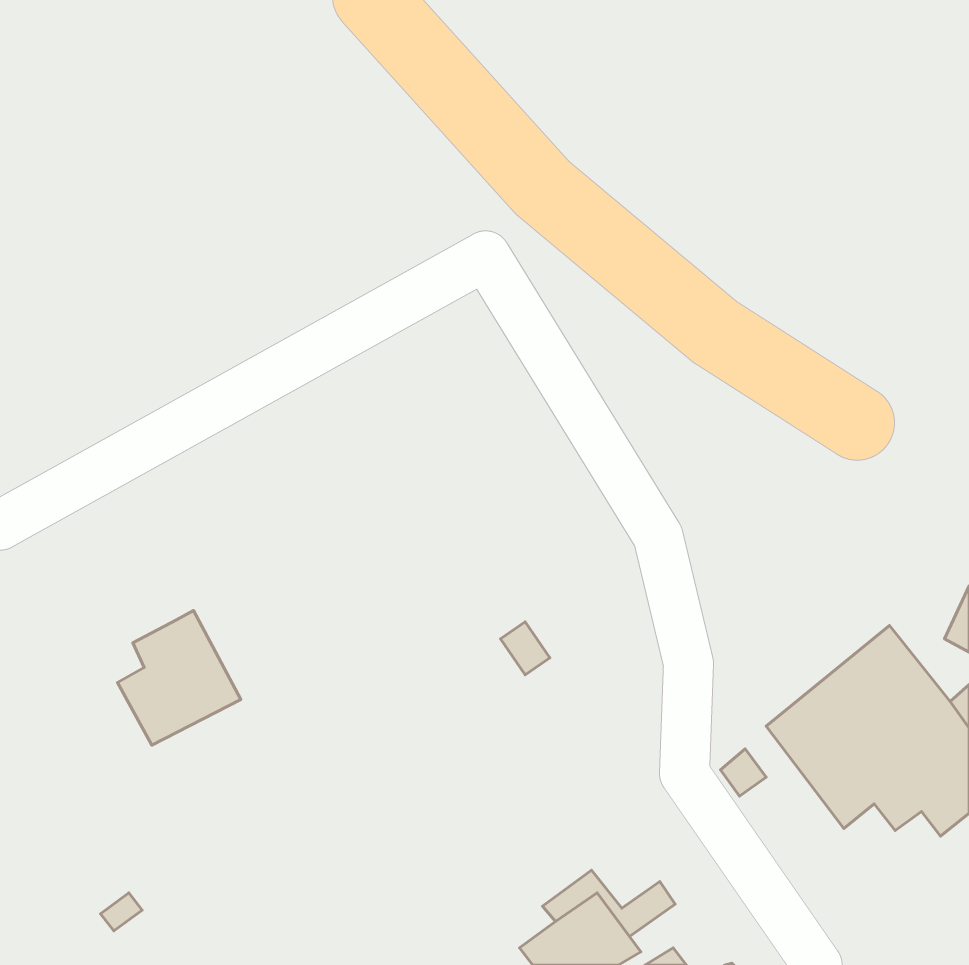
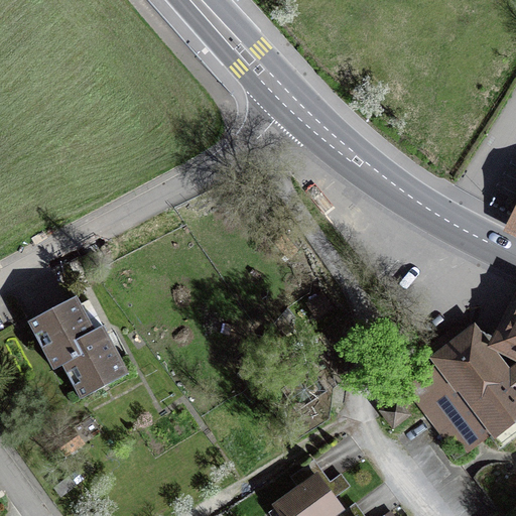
building: none -> [29,295,94,367]

